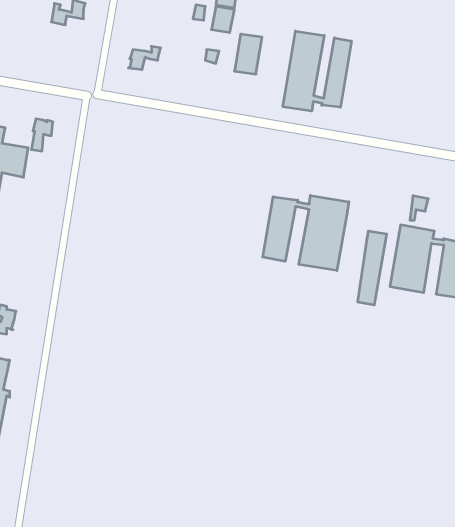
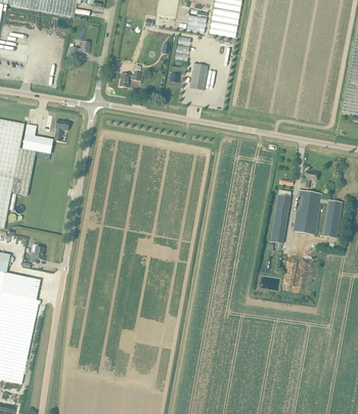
building: [283,31,351,111] -> none
building: [263,195,349,271] -> none

